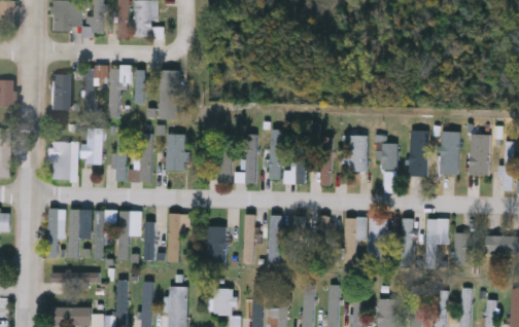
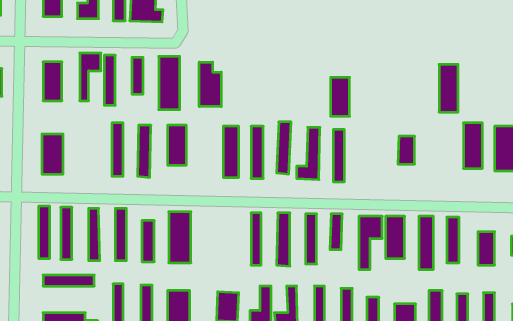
building: none -> [199,62,221,107]
building: [86,128,102,164] -> none
building: [410,132,427,176] -> [439,64,458,112]
building: [349,136,367,172] -> [331,77,350,116]
building: [208,226,228,263] -> none

